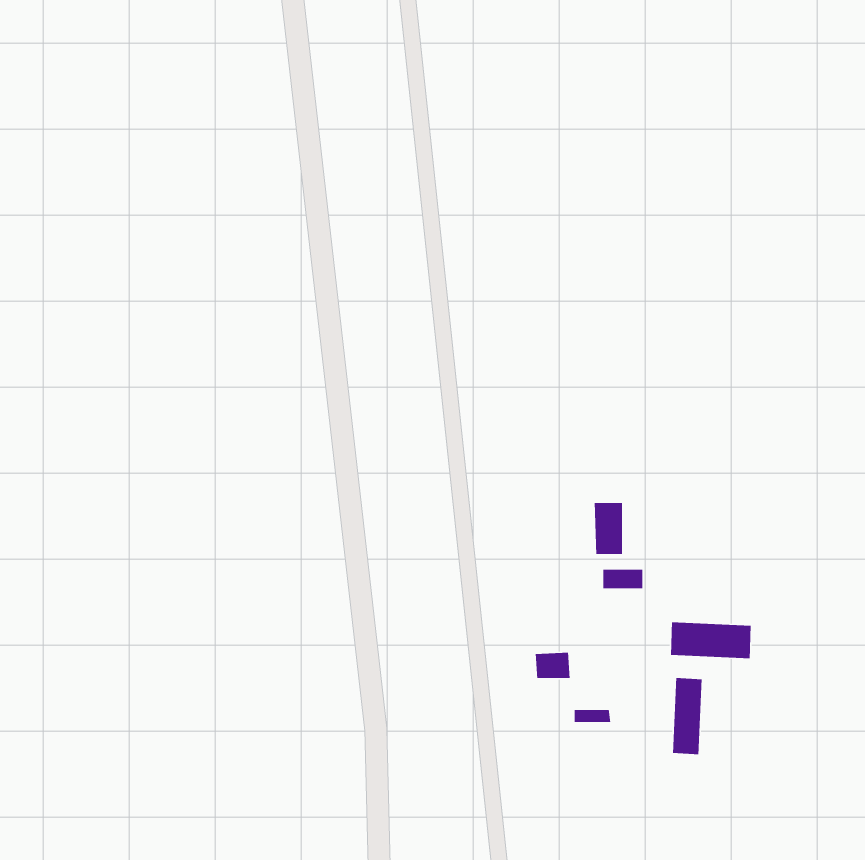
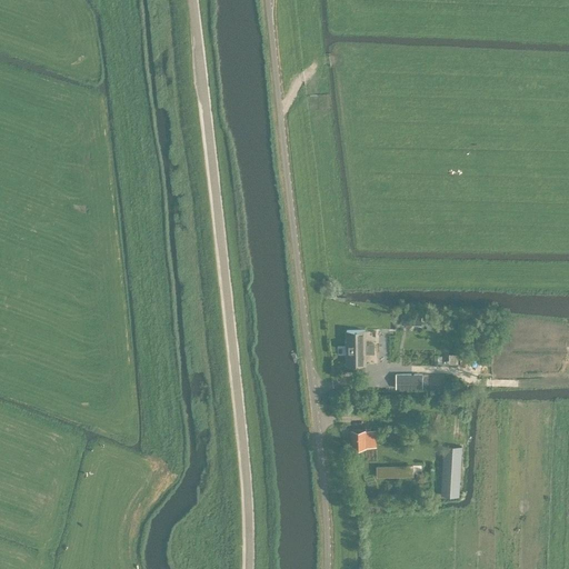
building: [594,502,623,555] -> [346,332,365,367]
building: [670,622,752,659] -> none

